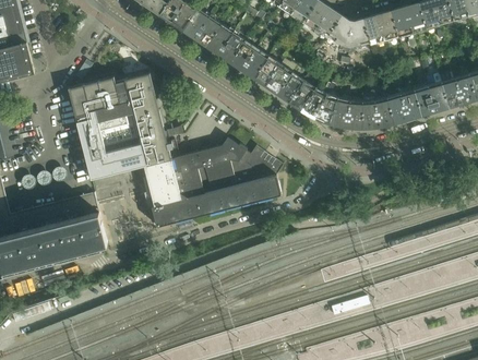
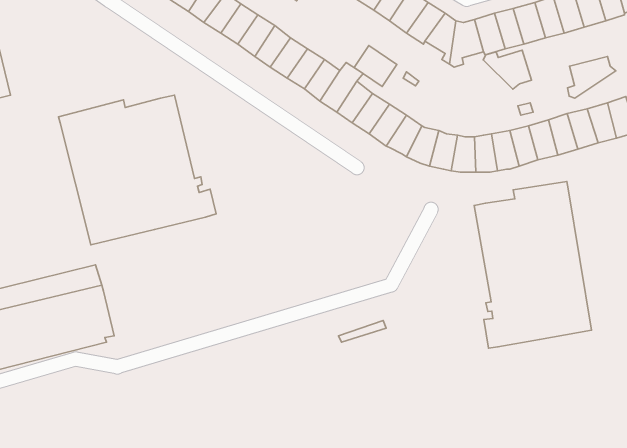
building: none -> [354,45,397,87]
building: none -> [483,50,531,89]
building: none -> [567,56,616,98]
building: none -> [474,182,592,348]
building: [135,137,284,227] -> none

